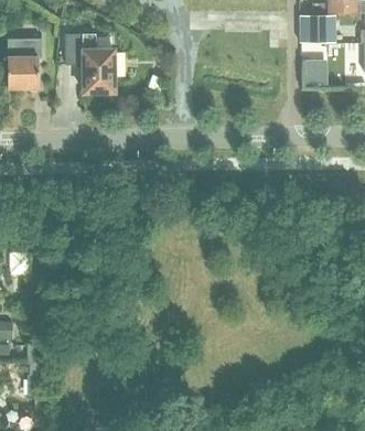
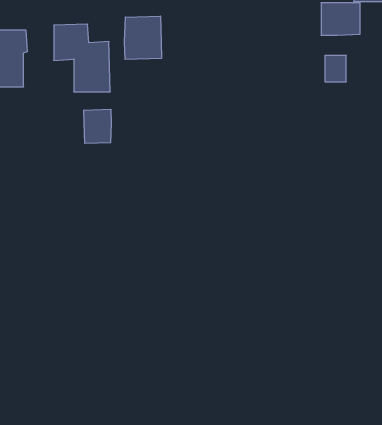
building: none -> [125,16,161,59]
building: none -> [84,109,111,143]

